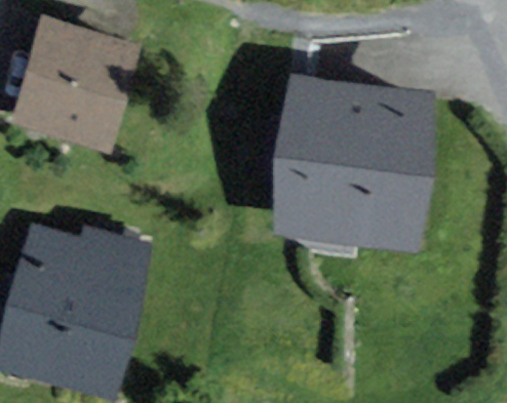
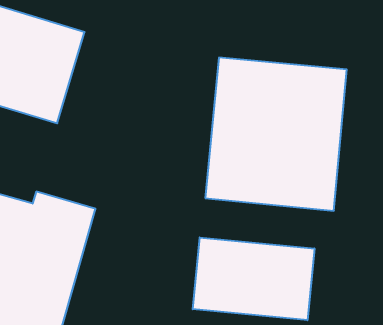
building: none -> [193,237,314,320]

